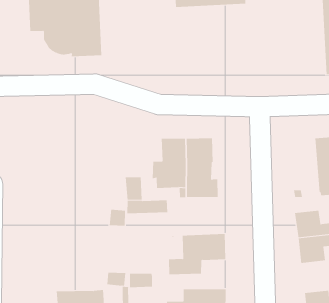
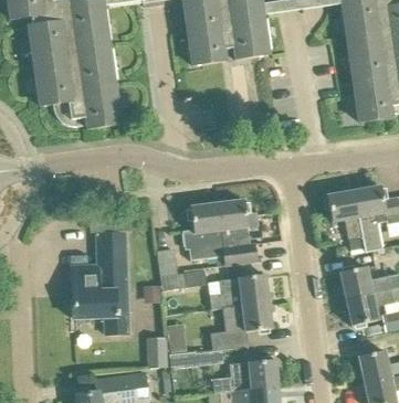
building: none -> [327,189,364,248]
building: none -> [71,232,128,332]
building: none -> [209,273,269,307]

